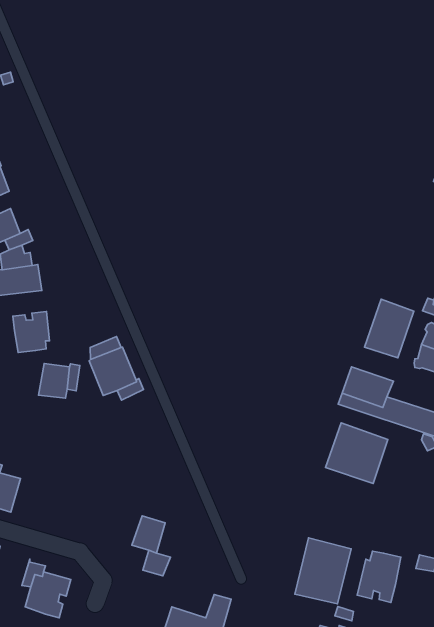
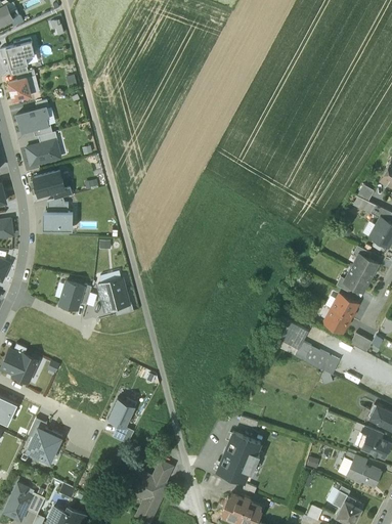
building: [364,299,414,358] -> none
building: [13,312,49,352] -> none
building: [326,423,388,483] -> none
building: [357,551,401,603] -> none

